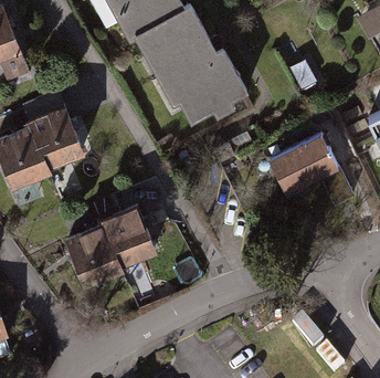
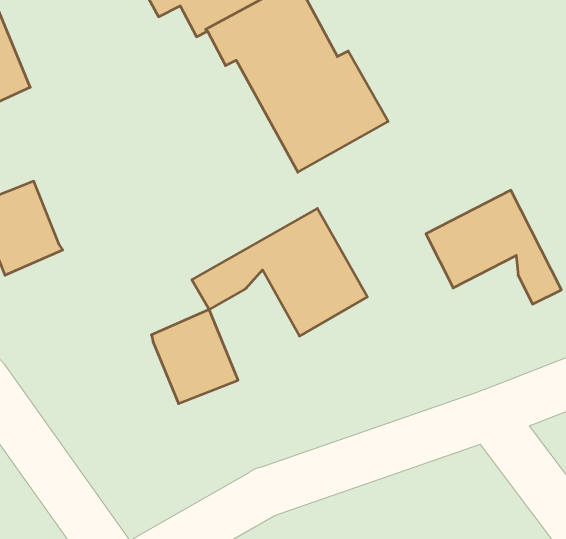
building: [28,107,82,166] -> none
building: none -> [192,208,367,336]
building: [67,225,120,283] -> none

